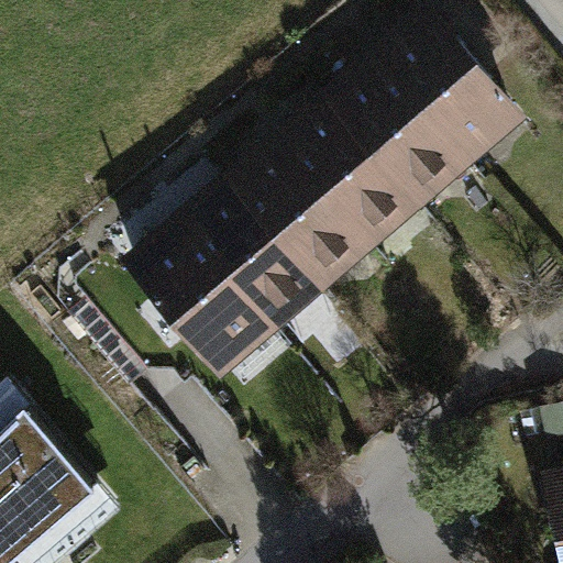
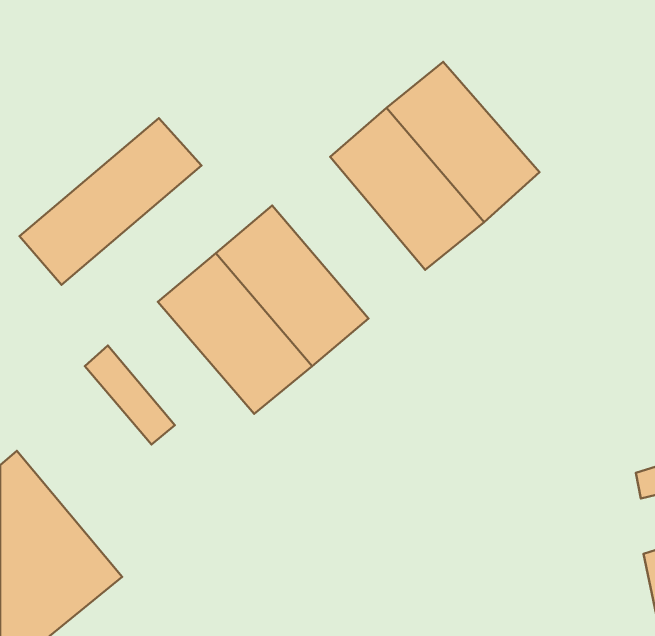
building: [380,27,514,165] -> none
building: none -> [19,118,201,285]
building: [234,152,365,290] -> none

